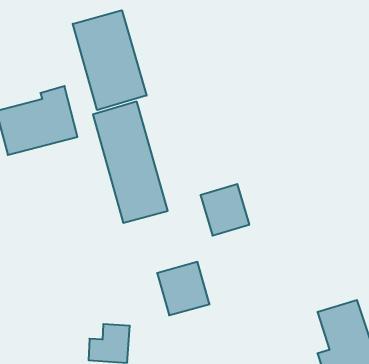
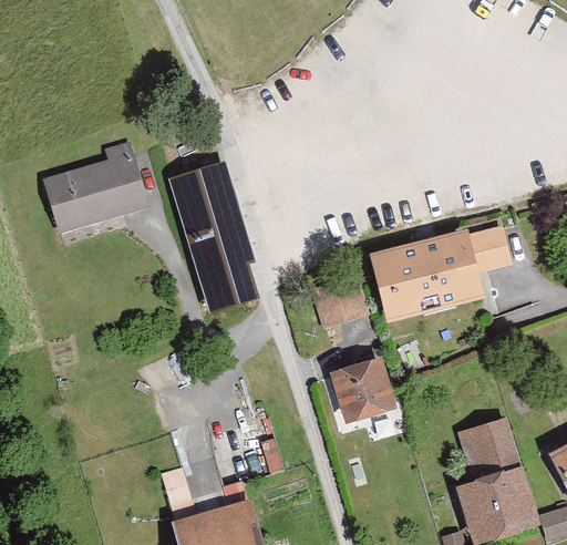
building: [73,10,147,110] -> none
building: none -> [371,225,511,319]
building: [157,262,210,315] -> [329,358,396,426]

